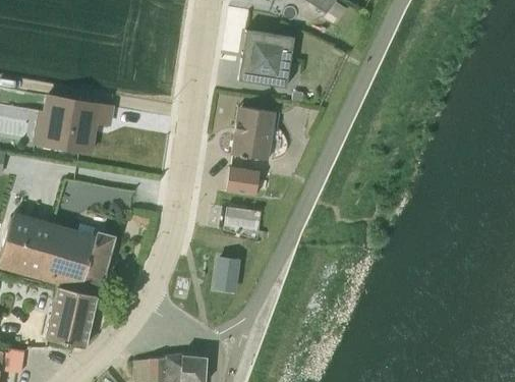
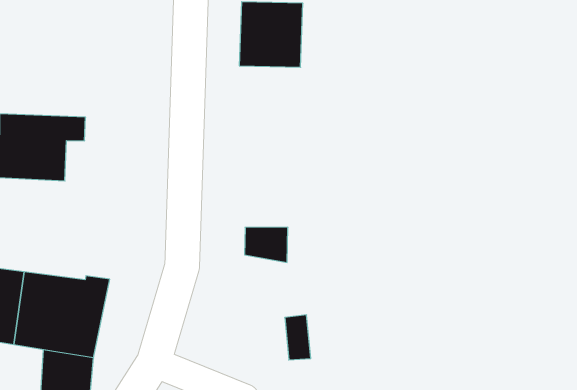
building: [233,106,276,159] -> none
building: [227,167,261,195] -> none
building: [217,256,235,290] -> [285,315,311,360]

